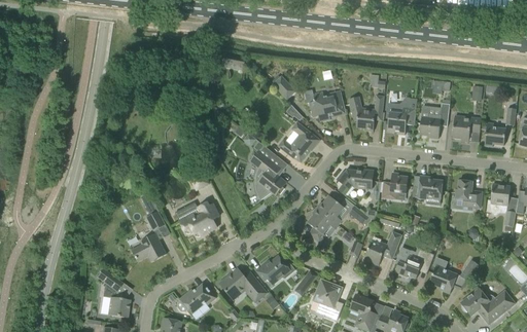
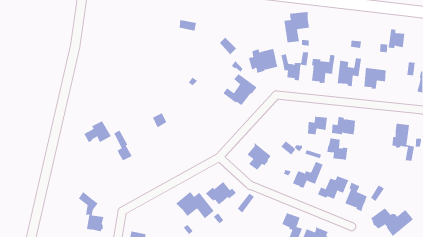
building: none -> [284,11,309,43]
building: [484,121,505,146] -> [388,29,405,49]
building: [249,141,286,196] -> none
building: [337,169,373,196] -> none
building: [455,179,482,207] -> [327,138,348,160]
building: [316,194,344,224] -> none
building: [175,200,219,236] -> none
building: [131,233,166,261] -> [84,120,112,143]
building: [315,280,343,319] -> none
building: [177,282,216,313] -> none

